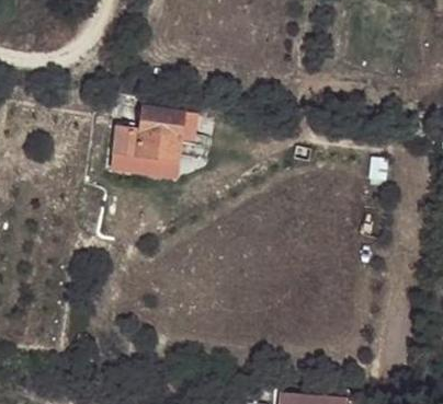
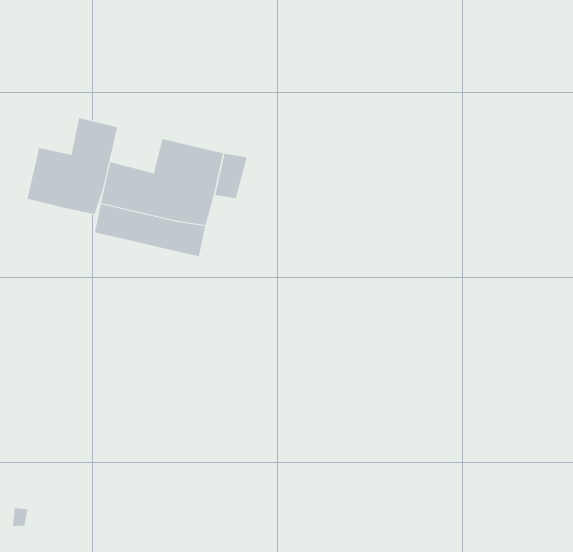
building: none -> [27,117,118,215]

